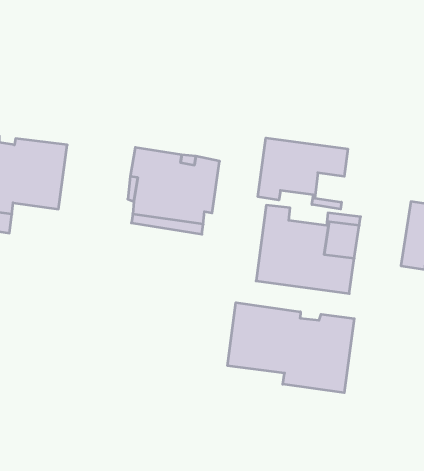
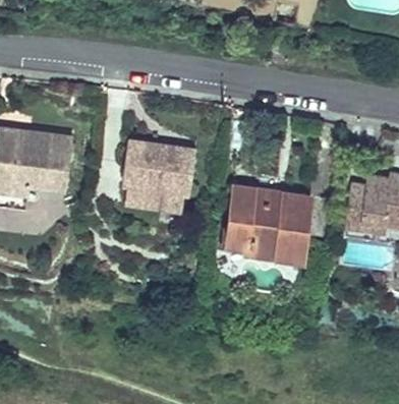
building: [258,138,348,209] -> none
building: [228,303,354,393] -> none

